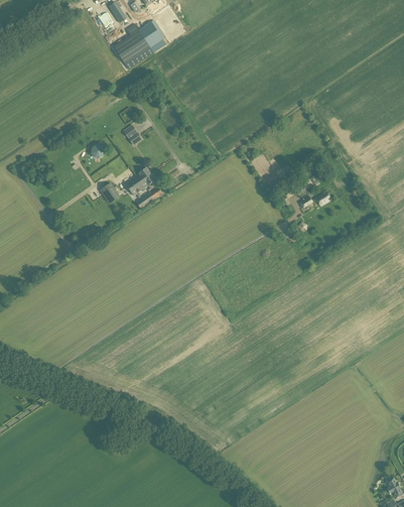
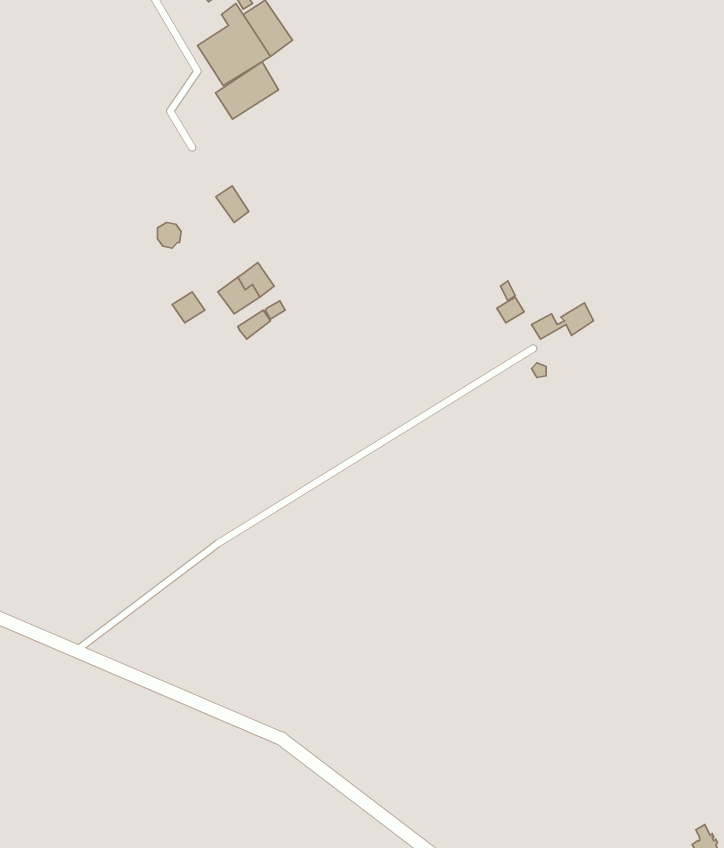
building: none -> [215,62,278,119]

